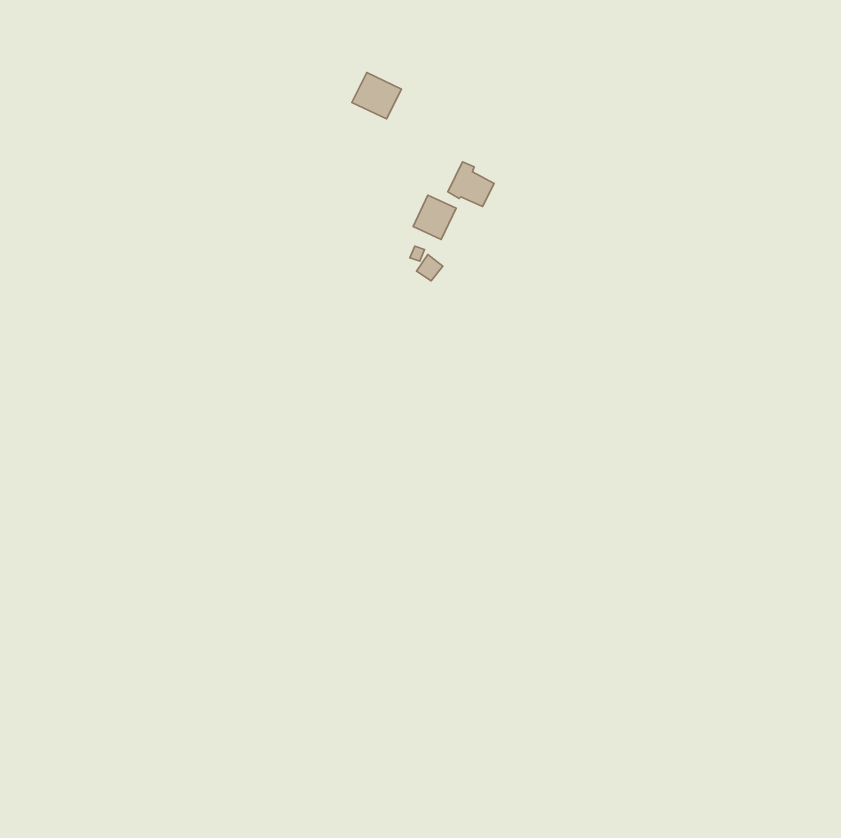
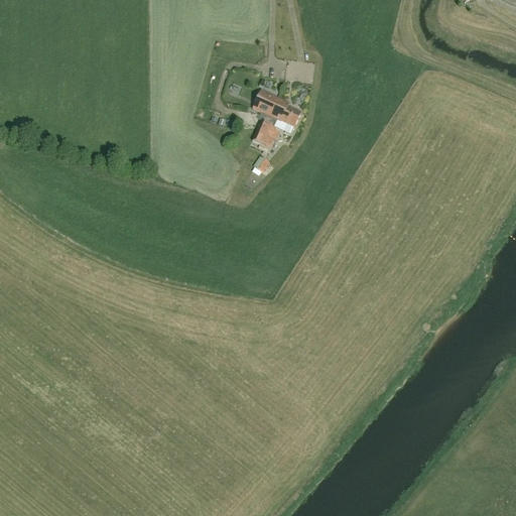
building: [352,73,401,119] -> [254,89,284,117]

